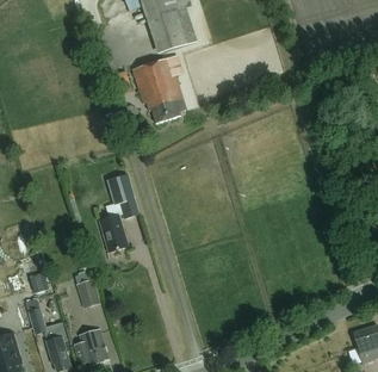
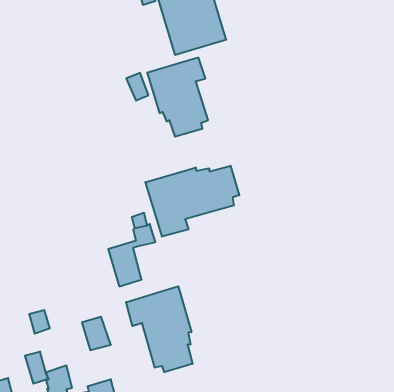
building: none -> [145,166,239,237]
building: none -> [126,286,193,372]

